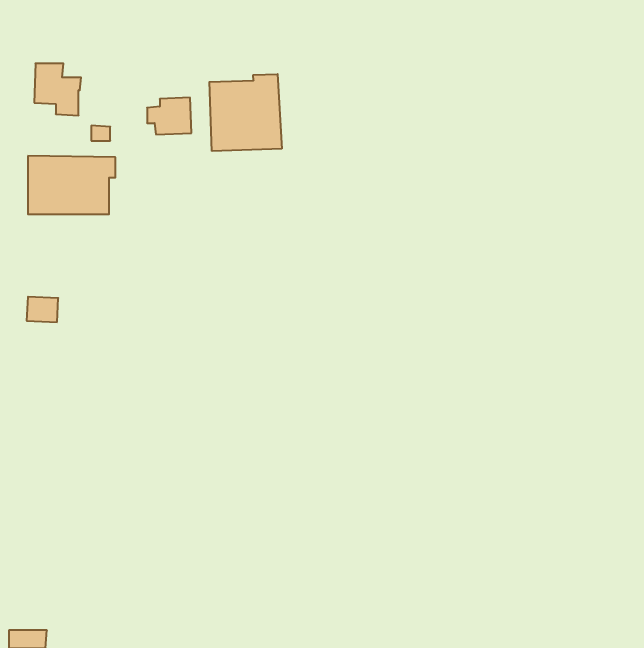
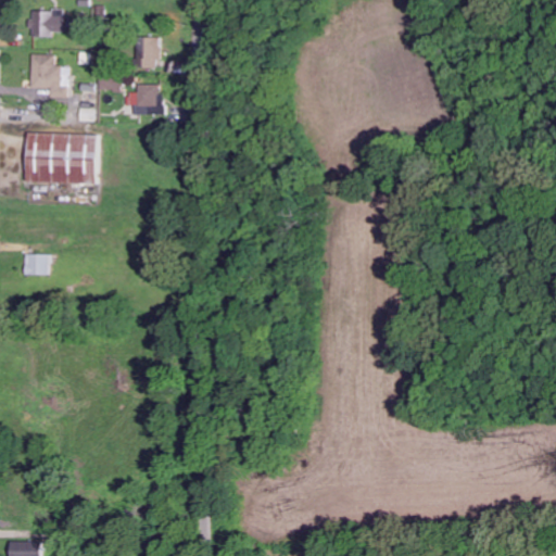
building: none -> [28,10,63,37]
building: none -> [135,37,159,68]
building: [209,74,282,151] -> none

